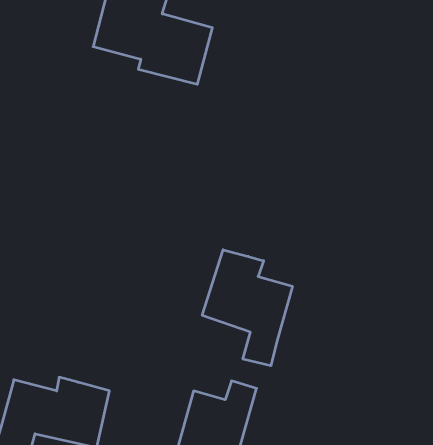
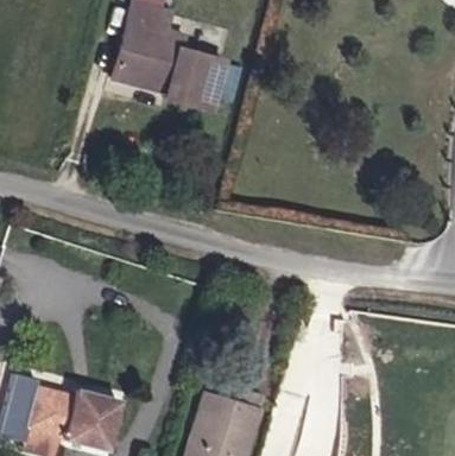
building: [202,250,292,366] -> none

